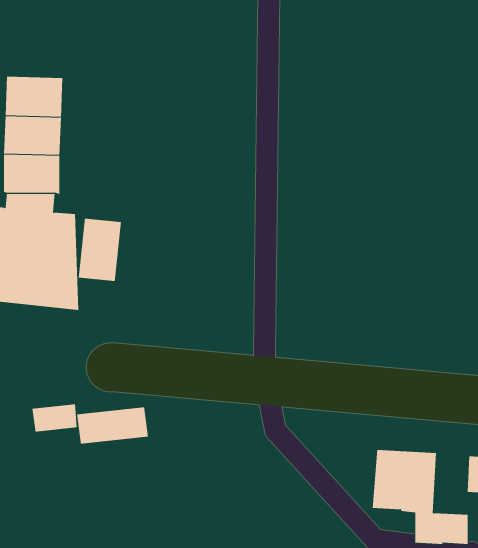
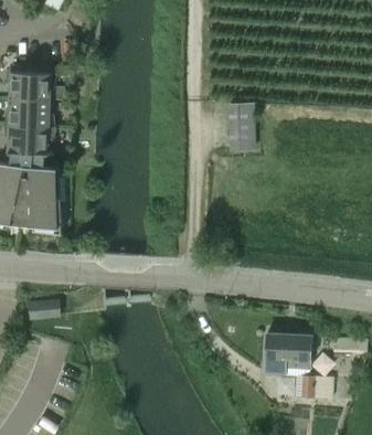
building: none -> [232,103,253,148]
building: [78,218,122,282] -> none
building: [77,407,148,444] -> none

